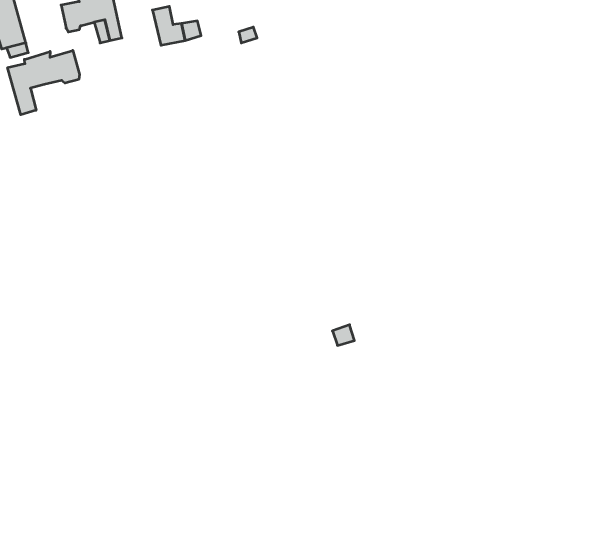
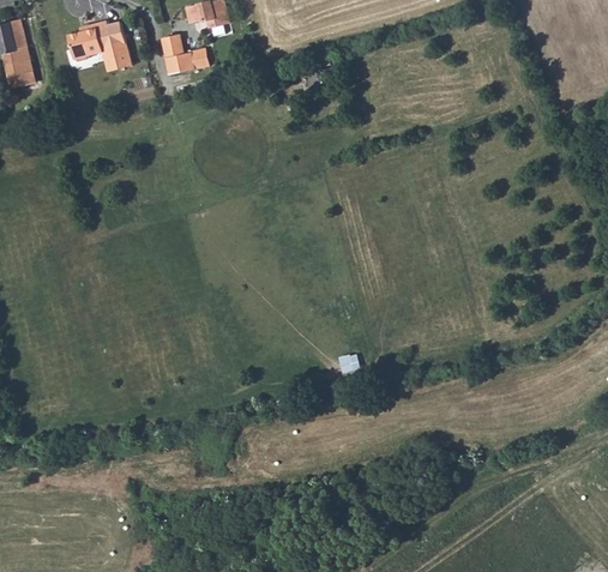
building: [8,50,80,115] -> none

